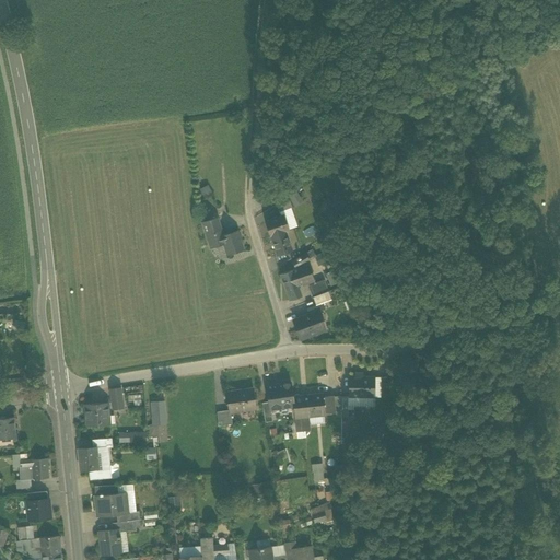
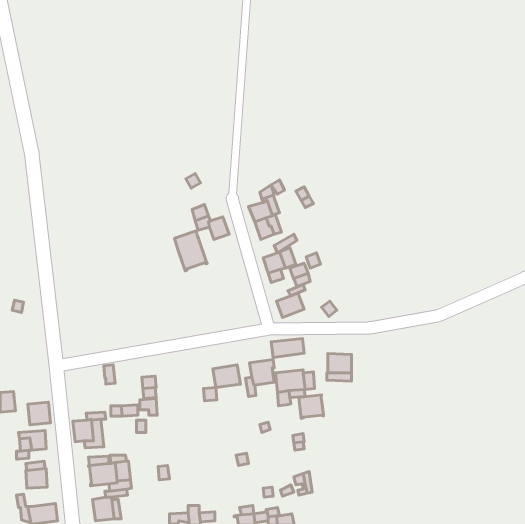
building: none -> [174,231,207,271]
building: none -> [271,338,304,357]
building: [85,404,109,428] -> [28,402,50,425]
building: none -> [299,395,324,418]

